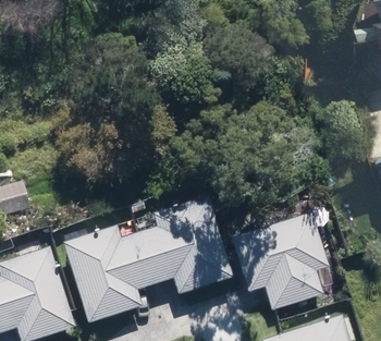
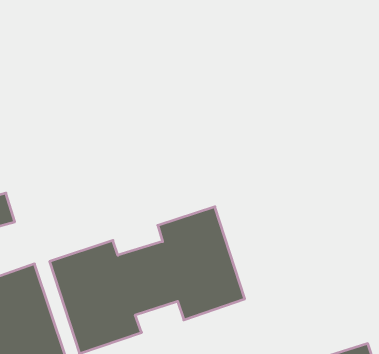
building: [229,211,325,309] -> none

